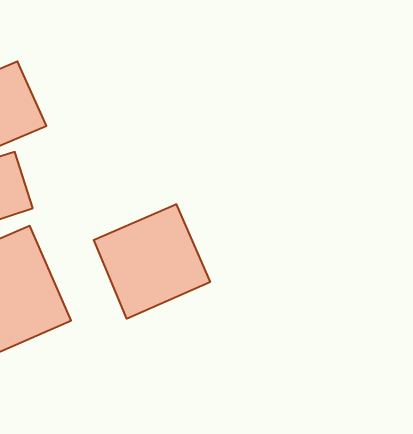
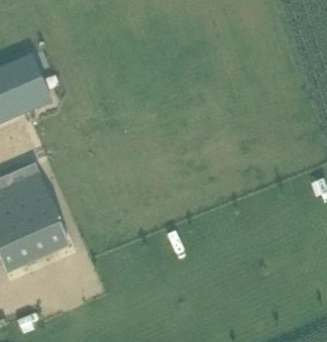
building: [94,204,210,319] -> none

